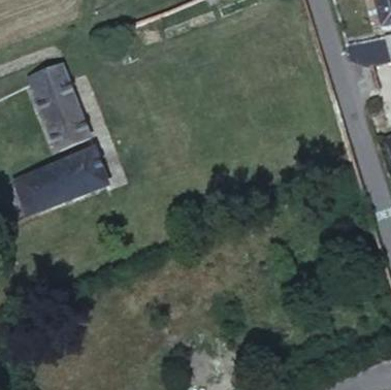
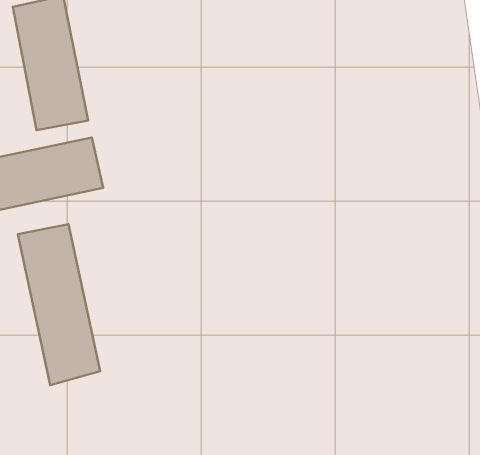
building: none -> [18,224,100,385]

